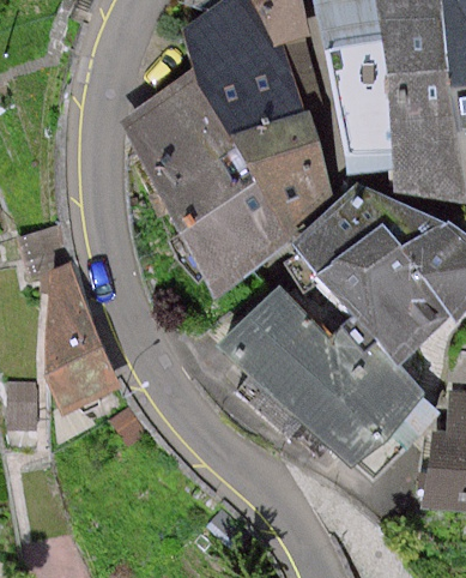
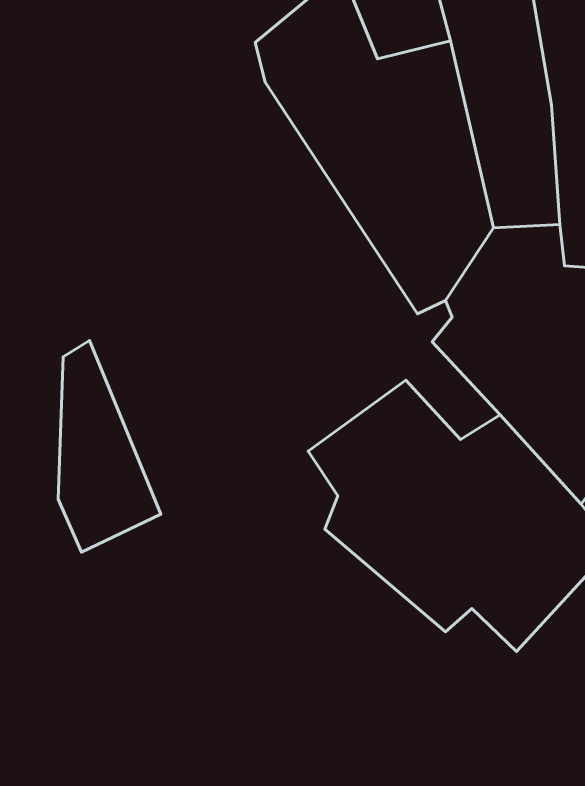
building: [133,66,303,302] -> none

